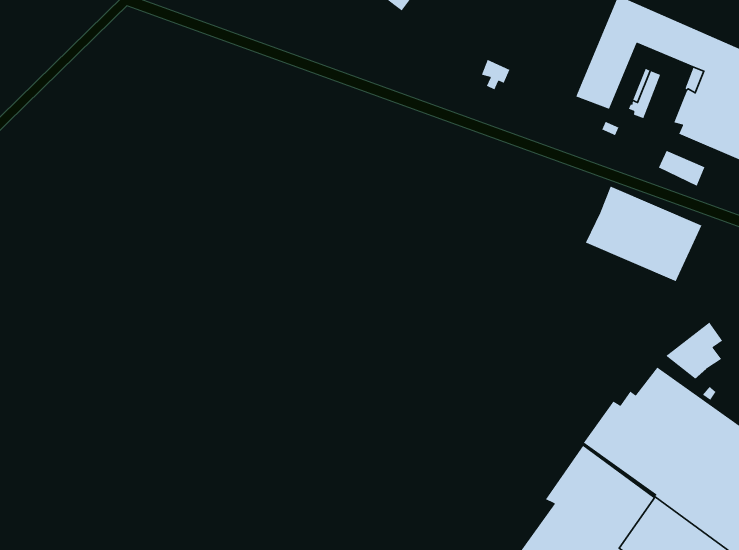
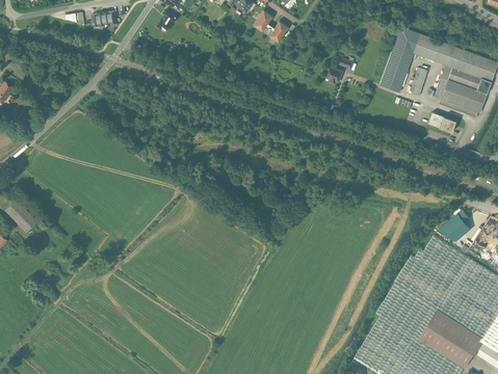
building: [584,185,702,282] -> none

